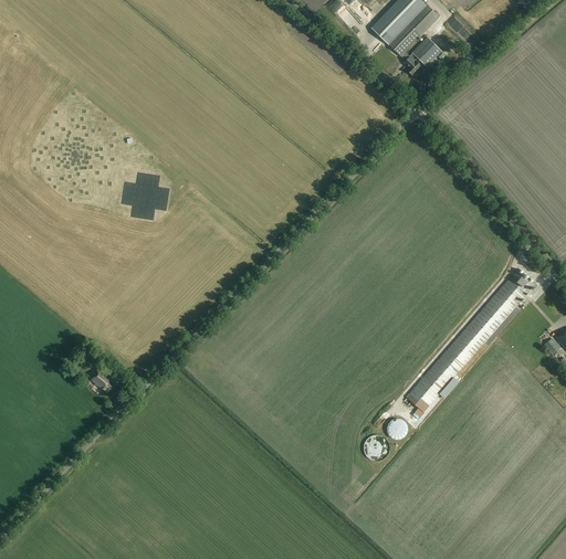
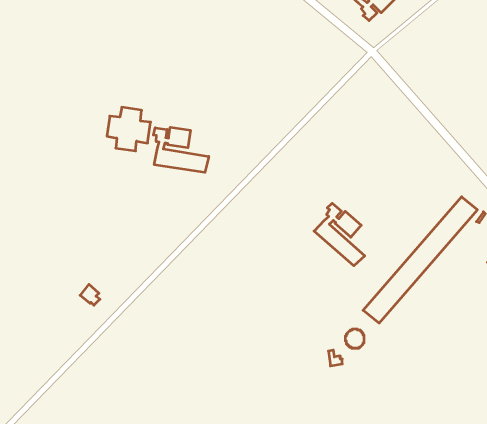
building: none -> [153,127,209,172]
building: none -> [314,203,365,266]

